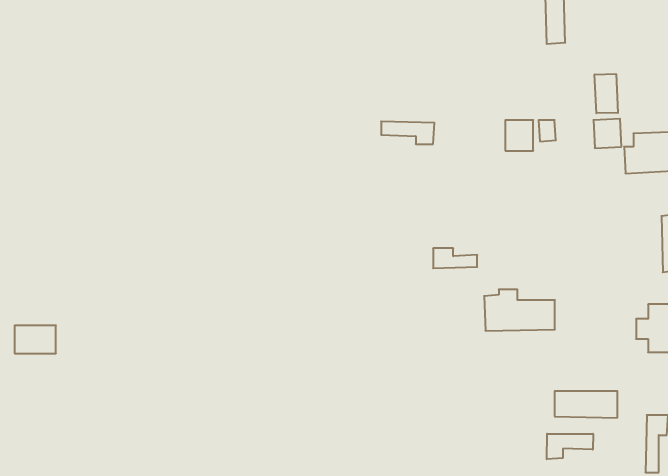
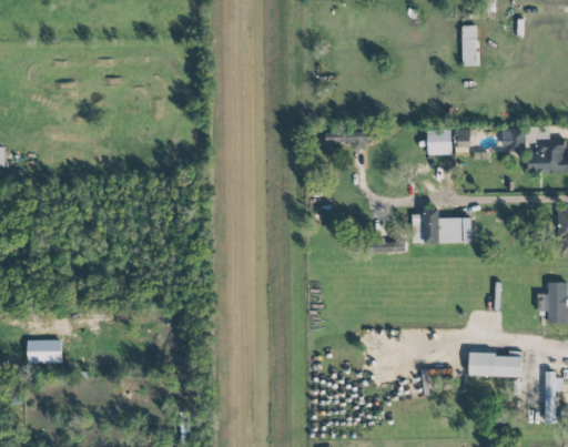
building: [595,74,618,113] -> none
building: [484,289,555,331] -> [412,209,470,243]
building: [15,325,56,353] -> [28,339,62,363]
building: [547,434,593,459] -> none

